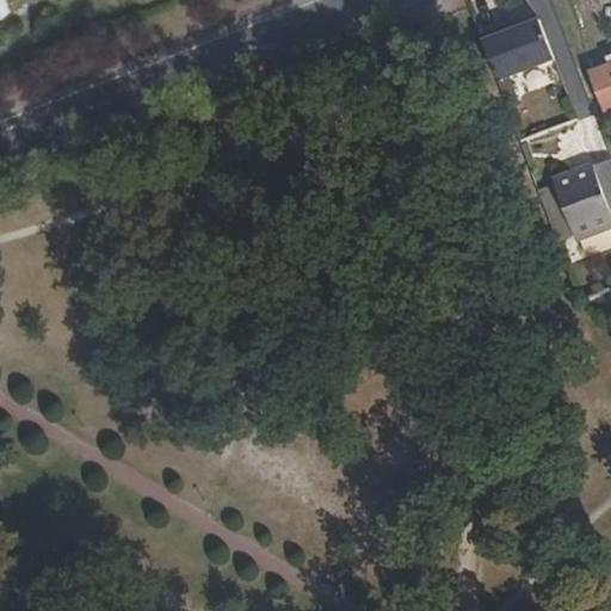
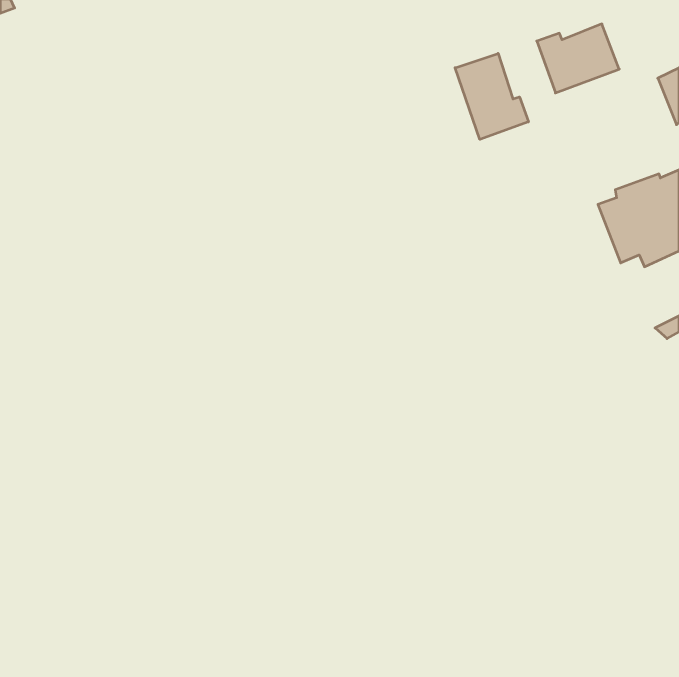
building: none -> [455,53,528,139]

